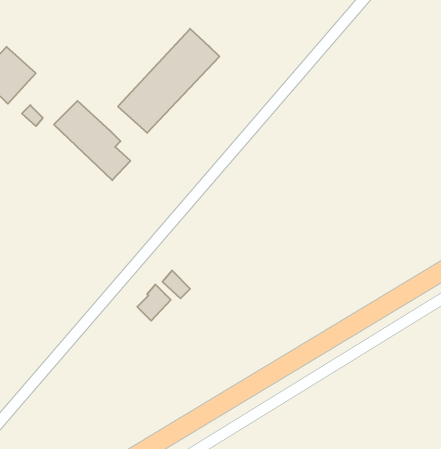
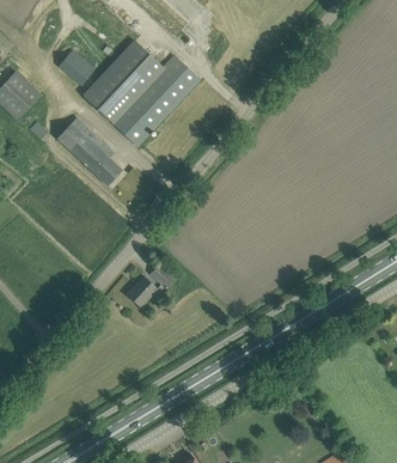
building: none -> [81,42,161,123]
building: none -> [59,50,94,85]

